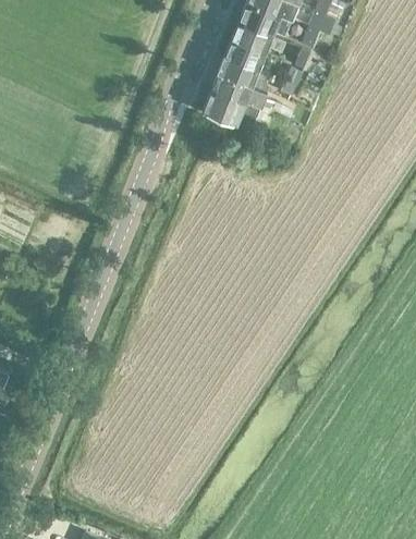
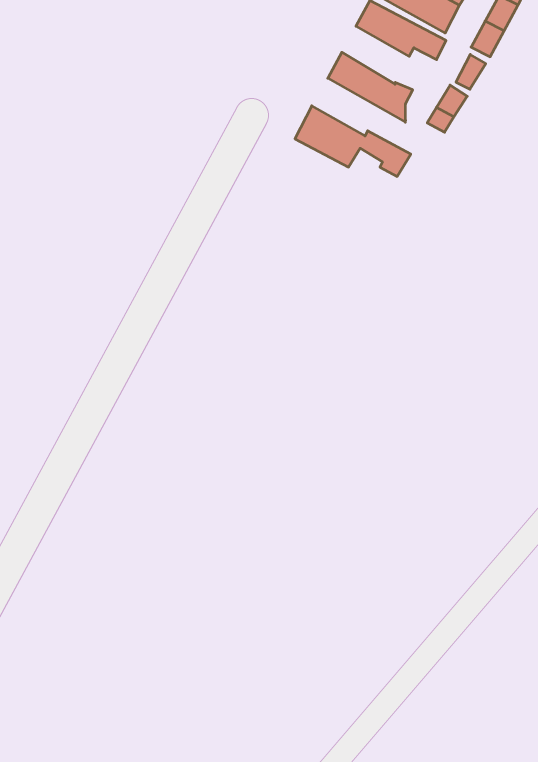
building: [223,39,264,71] -> none
building: [209,72,273,111] -> none

